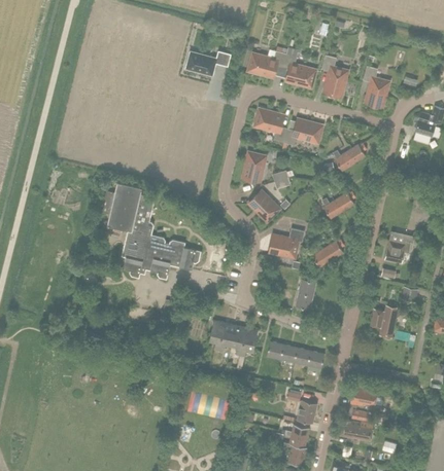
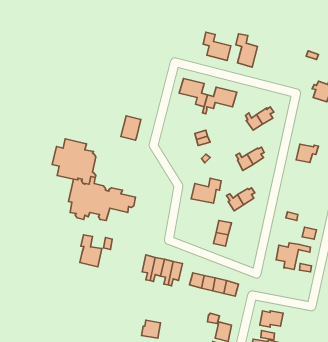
building: [247,46,285,77] -> none
building: [185,50,225,75] -> none
building: [363,66,389,107] -> none
building: [242,152,266,181] -> [121,116,141,140]
building: [247,189,279,222] -> none
building: [384,241,411,262] -> [296,144,319,162]
building: none -> [80,235,102,267]

